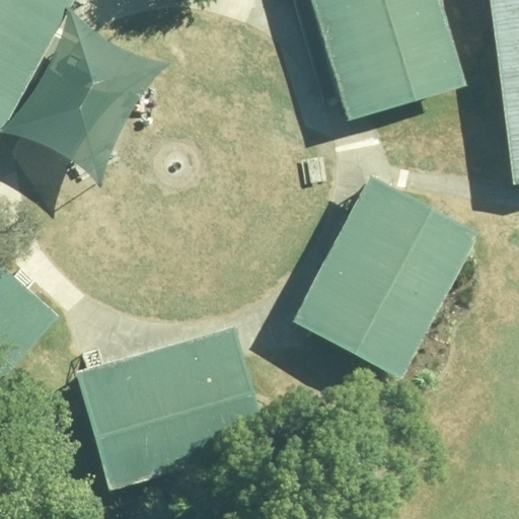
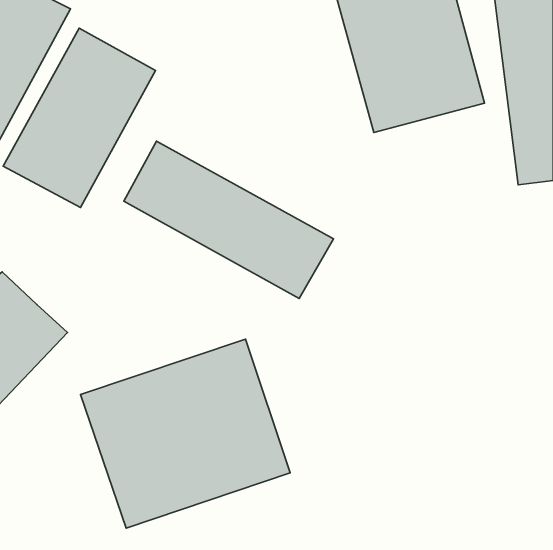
building: none -> [124,141,334,298]
building: [293,172,488,375] -> none

